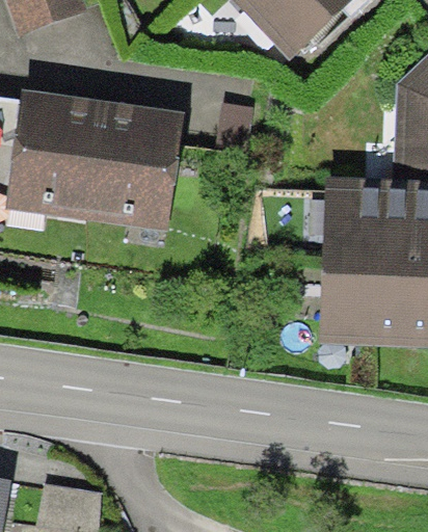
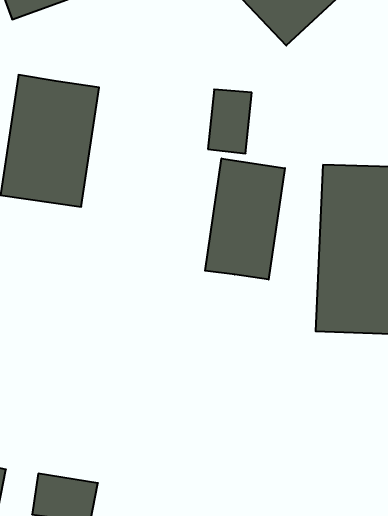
building: [86,101,186,232] -> none
building: none -> [205,158,285,280]

